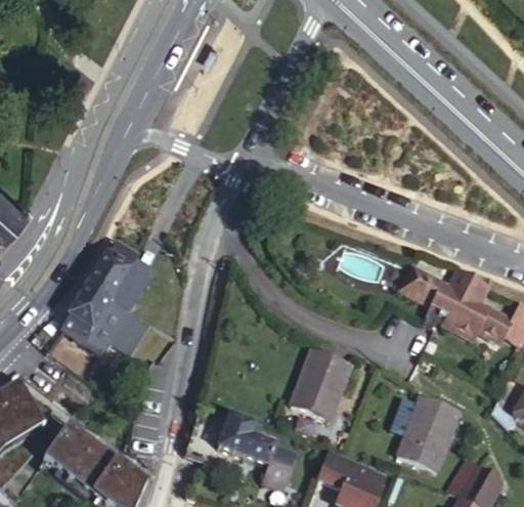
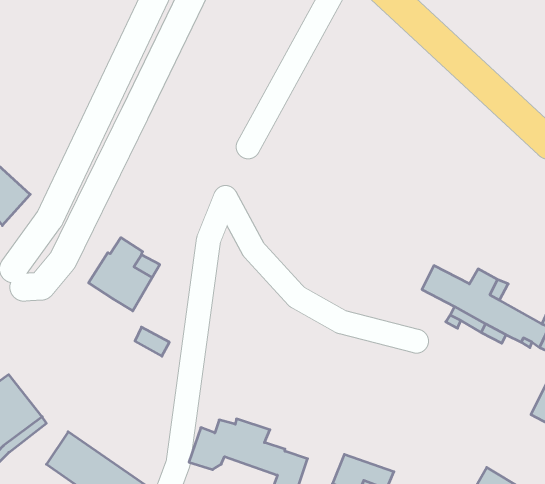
building: [61,286,129,358] -> none
building: [286,340,350,409] -> none
building: [397,391,465,467] -> none

